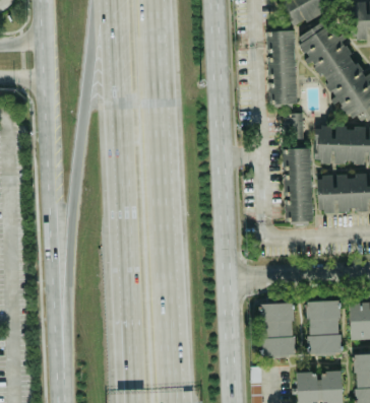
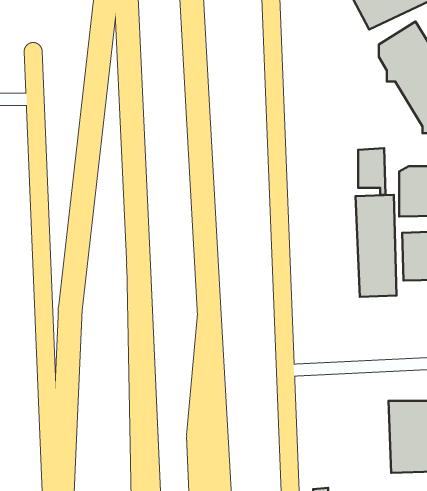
building: [266,30,296,104] -> none
building: [262,303,295,357] -> none

